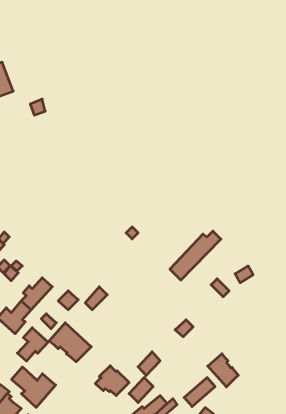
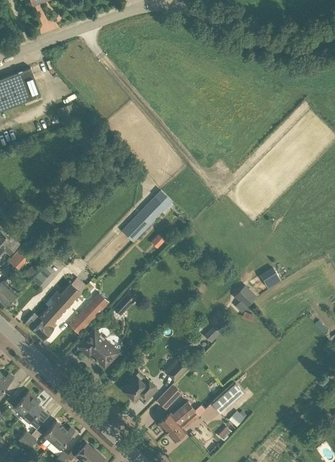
building: [170,231,221,280] -> [121,193,172,242]
building: [17,328,48,361] -> none
building: [208,354,238,387] -> none
building: [12,367,56,407] -> none

